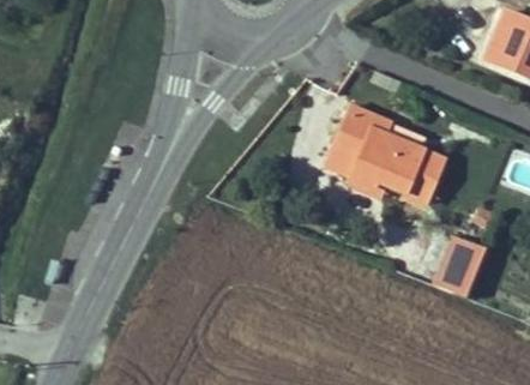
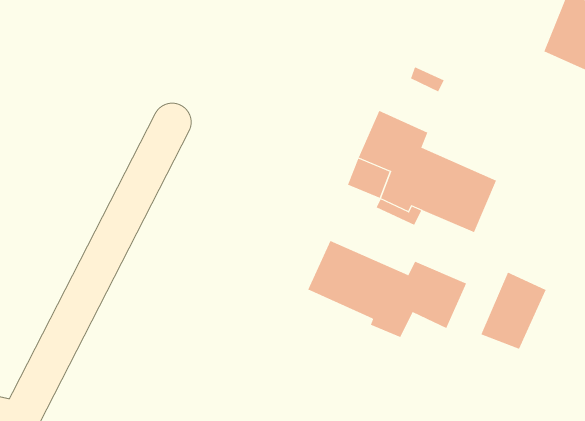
building: none -> [307,240,467,338]

